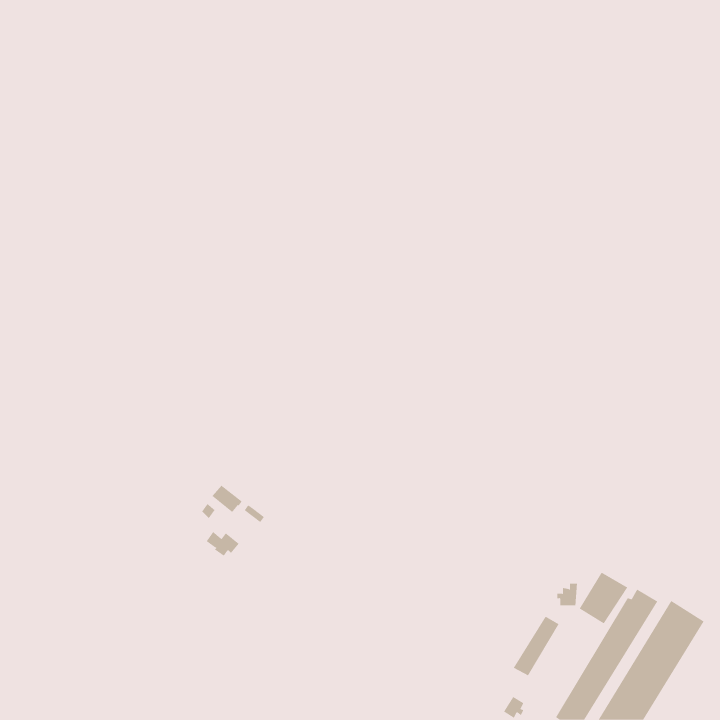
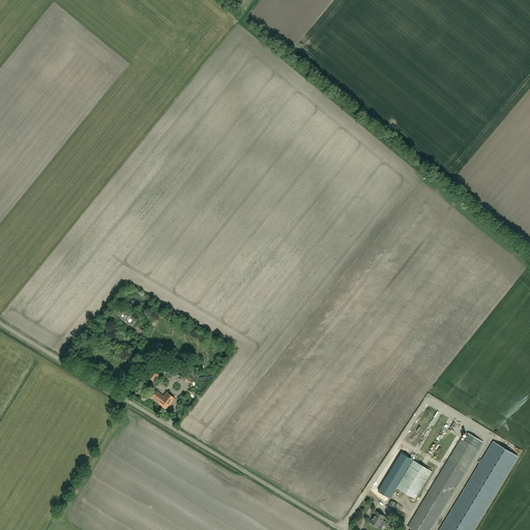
building: [579,572,628,624] -> [396,461,433,499]

